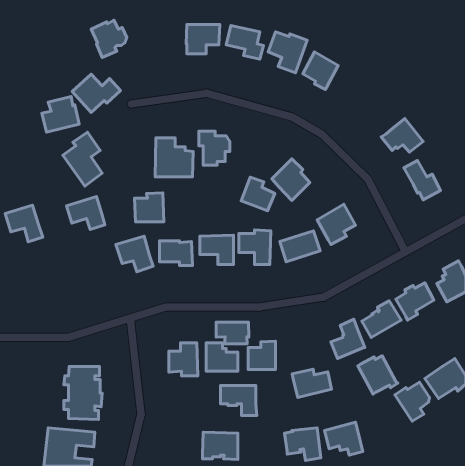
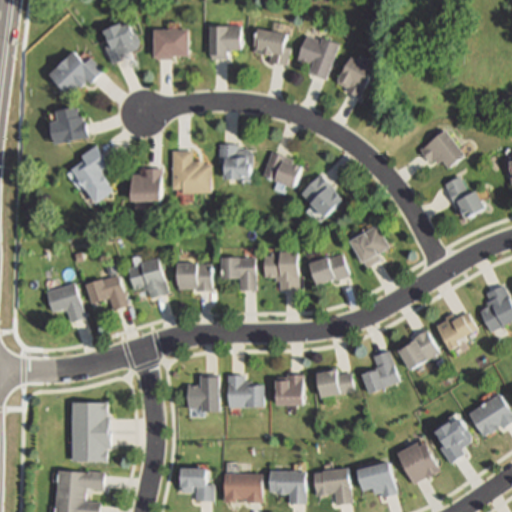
building: none -> [153,30,187,58]
building: [72,74,120,112] -> [50,53,103,95]
building: [241,177,275,211] -> [264,150,301,187]
building: [135,193,164,222] -> [131,168,163,200]
building: [66,197,105,229] -> [85,275,127,311]
building: [5,205,43,242] -> [45,283,86,323]
building: [216,322,249,344] -> none
building: [358,356,398,394] -> [397,443,441,485]
building: [292,369,331,398] -> [313,369,356,400]
building: [220,386,257,416] -> [267,472,307,505]
building: none -> [173,471,214,501]

